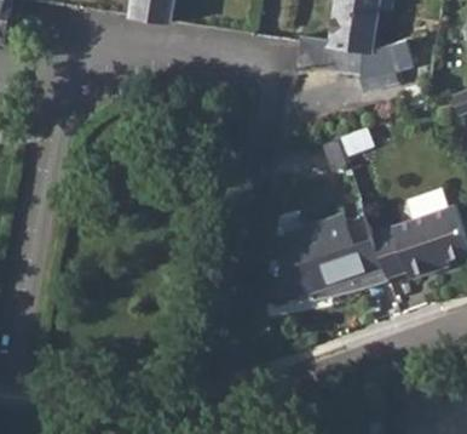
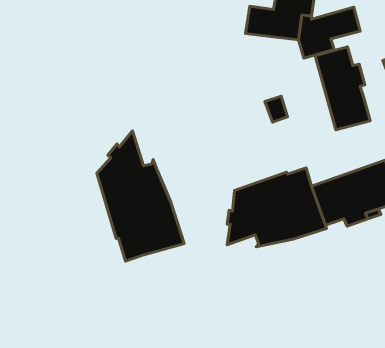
building: none -> [315,47,370,130]
building: none -> [97,131,184,261]

